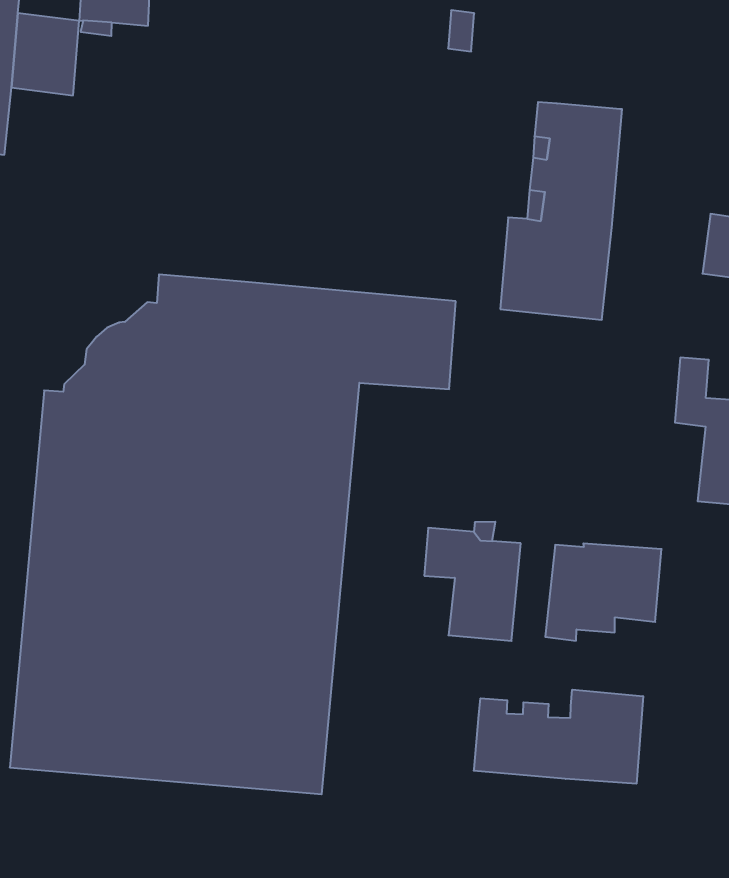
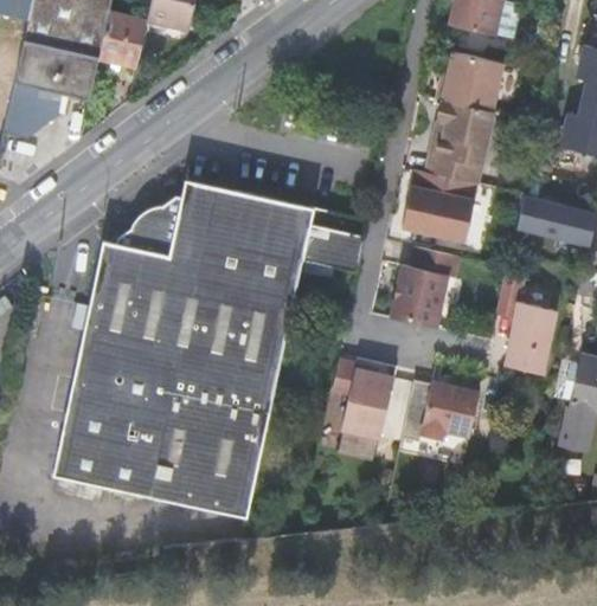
building: none -> [434,49,508,115]
building: none -> [384,249,454,329]
building: [474,690,643,784] -> none

